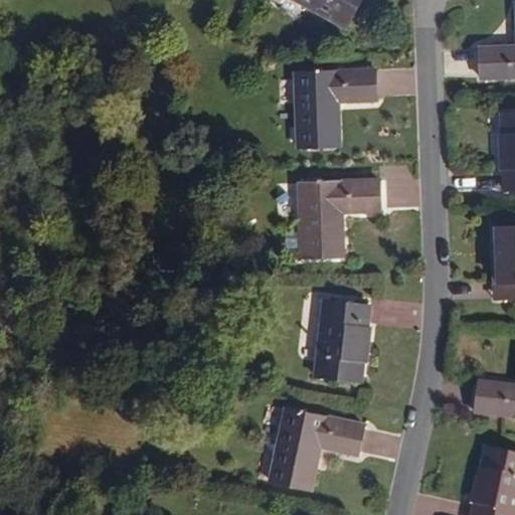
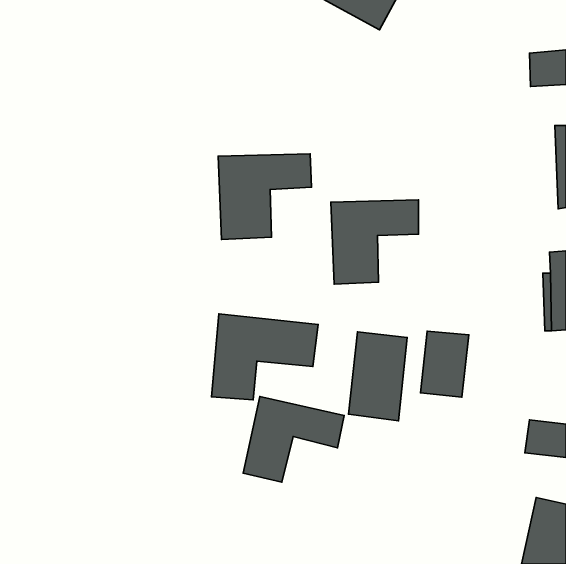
building: [292,70,376,148] -> [218,154,311,239]
building: none -> [212,314,318,400]
building: none -> [421,331,469,397]
building: [273,408,364,486] -> [243,397,344,482]

